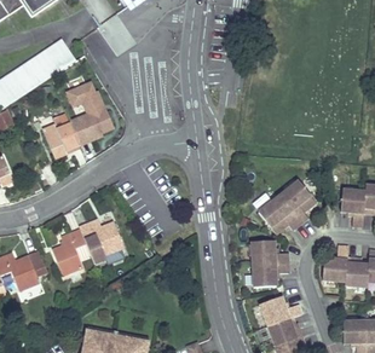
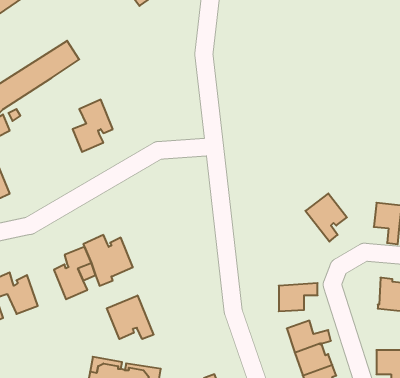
building: [42,122,79,158] -> none
building: [259,196,301,233] -> none
building: [254,239,290,264] -> none
building: [323,245,350,280] -> none
building: none -> [107,295,154,339]

